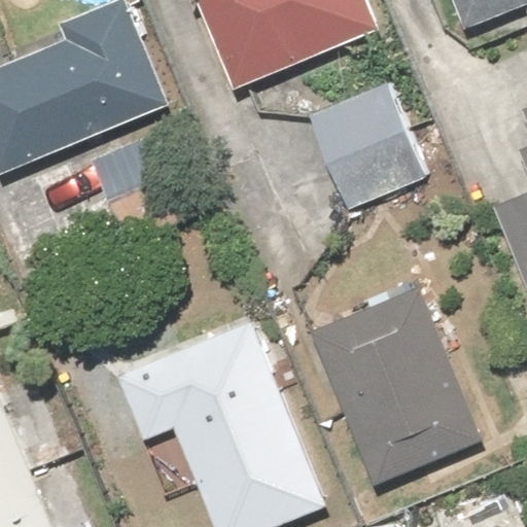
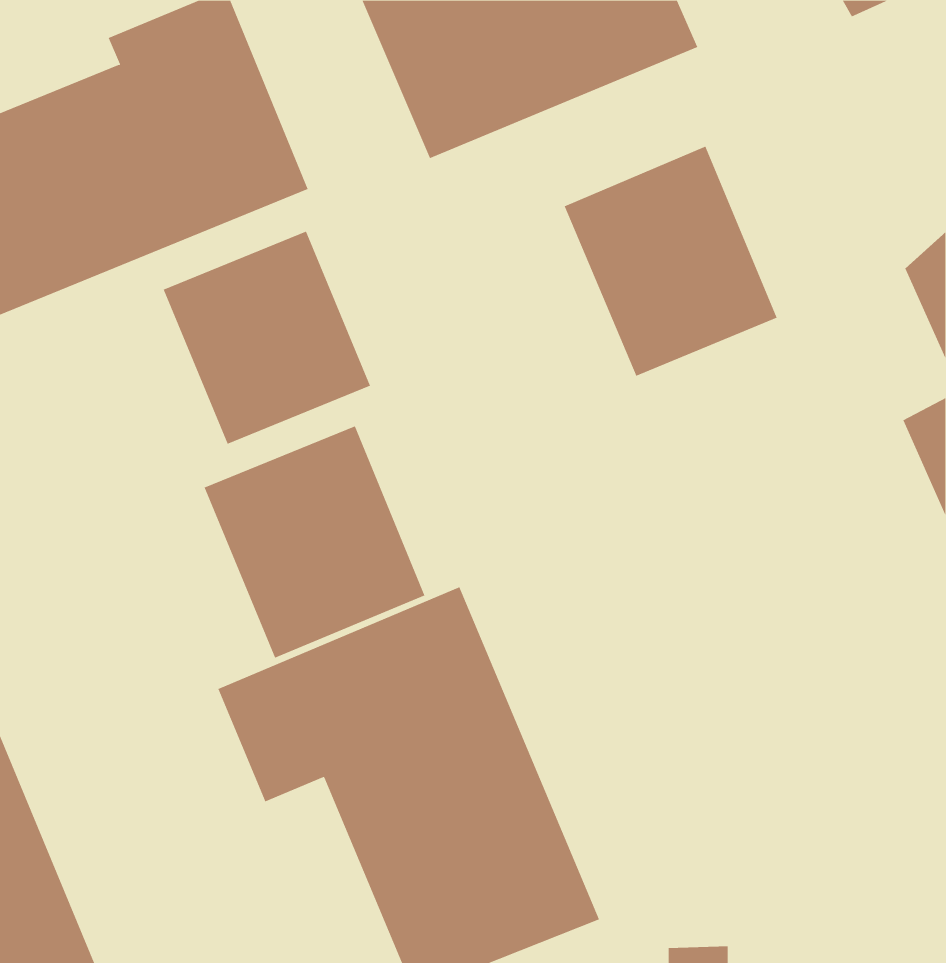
building: none -> [204,425,425,659]
building: [313,288,480,481] -> none

